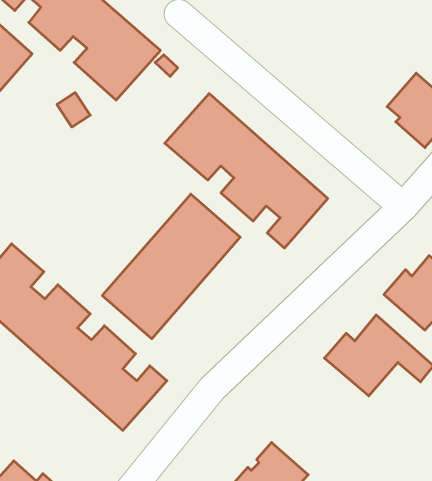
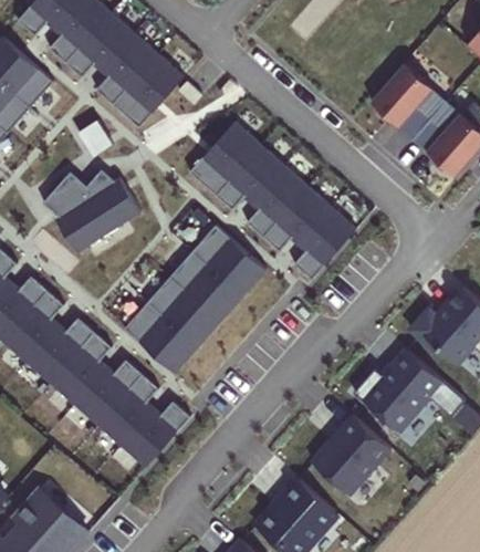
building: none -> [369,63,446,135]
building: none -> [43,169,139,252]
building: none -> [311,414,390,494]

